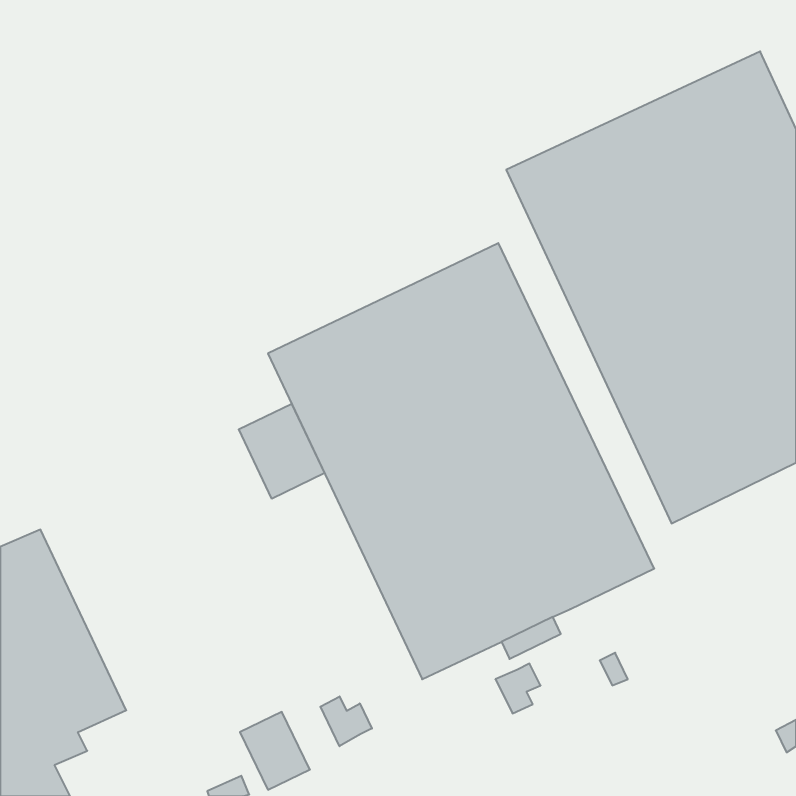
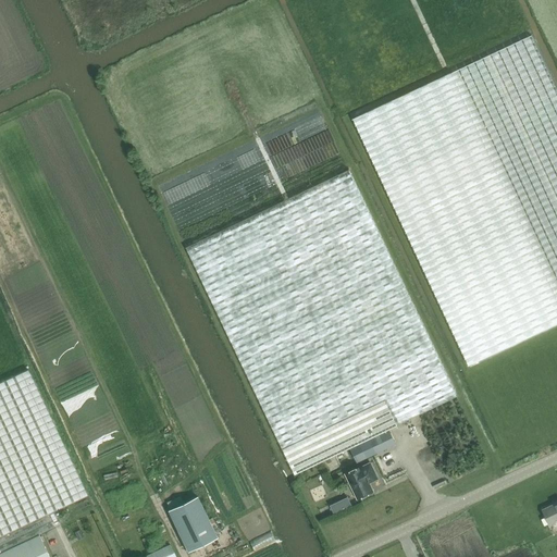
building: [239,404,325,499] -> none
building: [320,696,372,746] -> none

